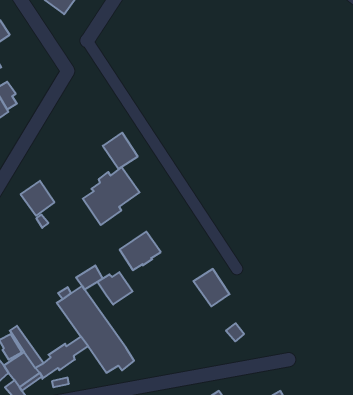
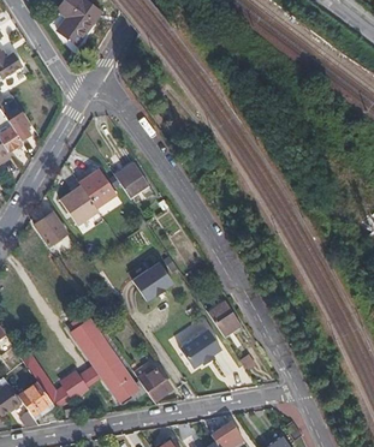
building: [83,167,140,225] -> [60,168,117,226]
building: [98,272,133,305] -> [138,366,173,399]
building: none -> [180,329,222,369]

